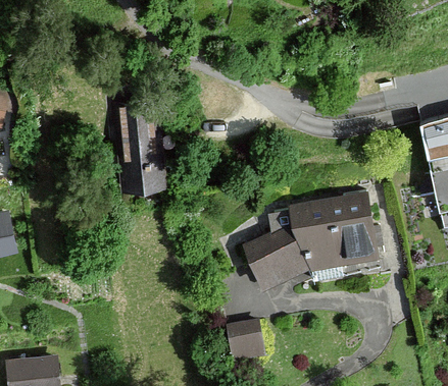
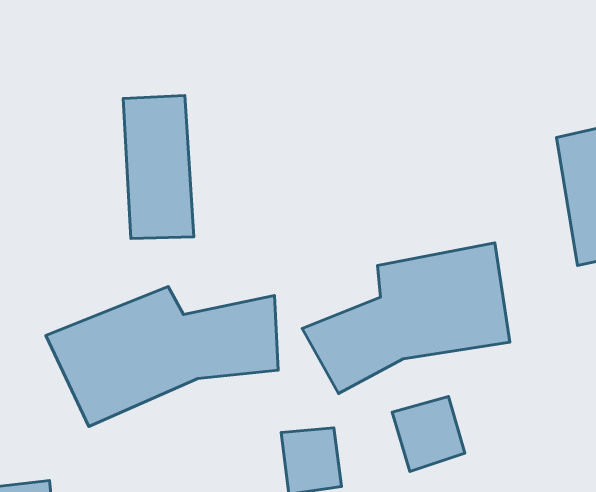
building: none -> [46,287,278,426]
building: none -> [392,397,465,471]

